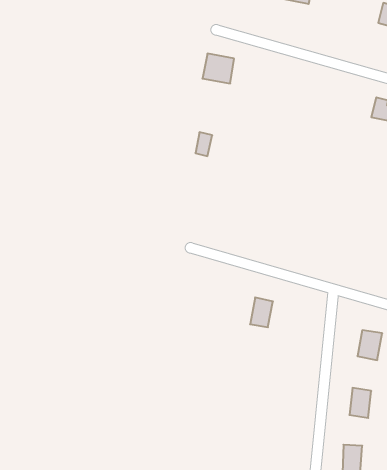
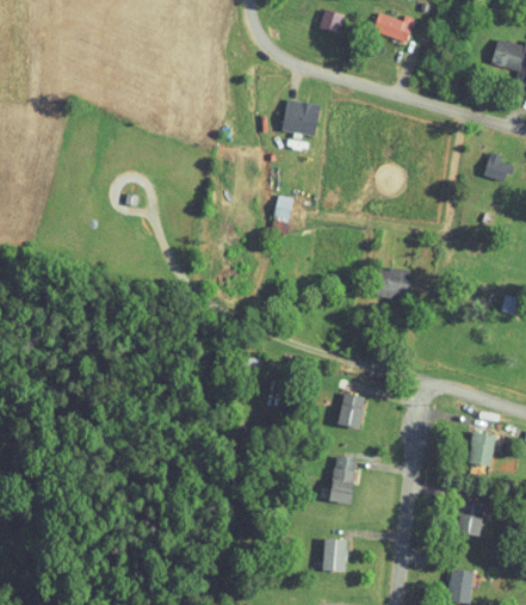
building: none -> [376,268,410,300]
building: none -> [329,456,355,505]
building: none -> [322,539,347,573]

